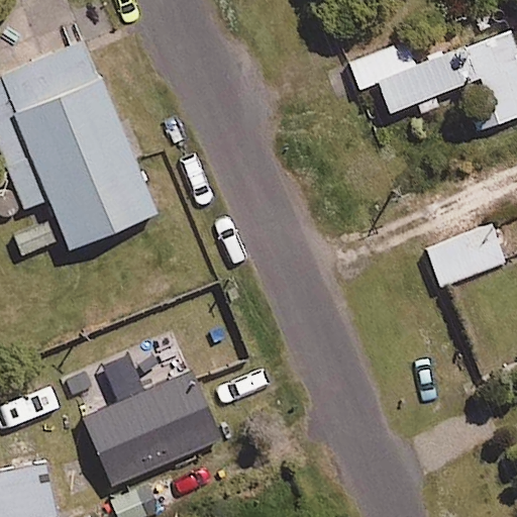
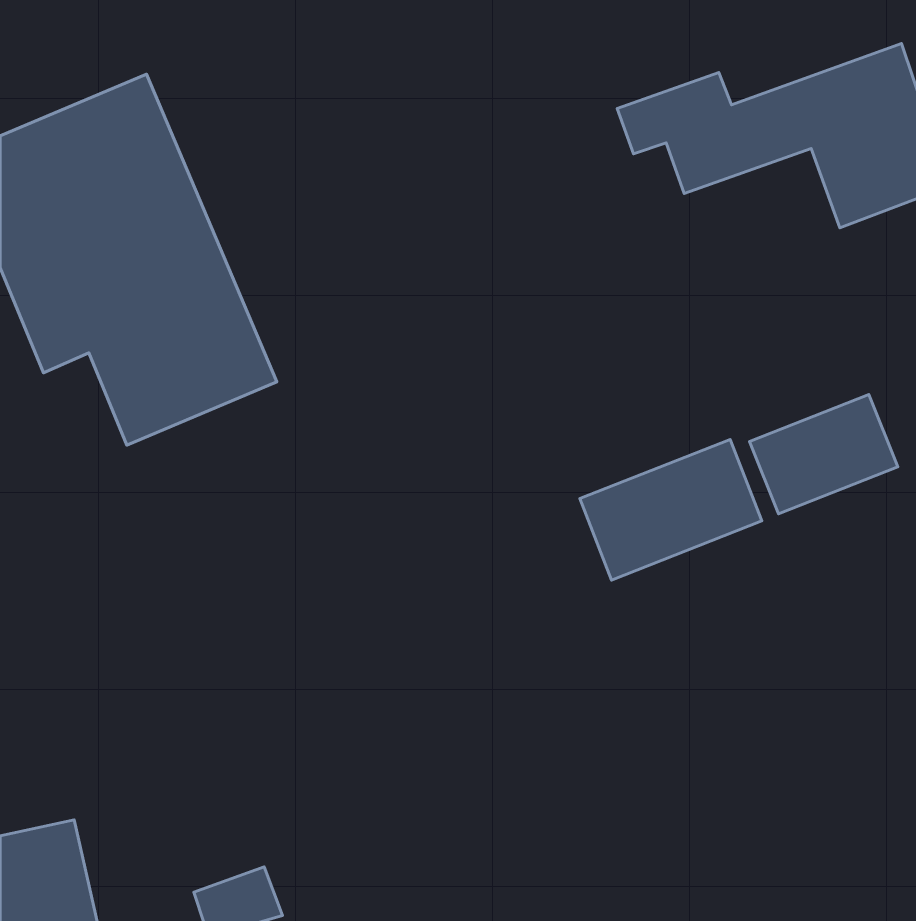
building: none -> [580,439,762,580]
building: [81,371,219,487] -> none

